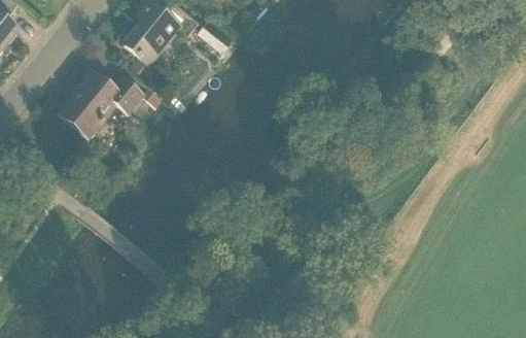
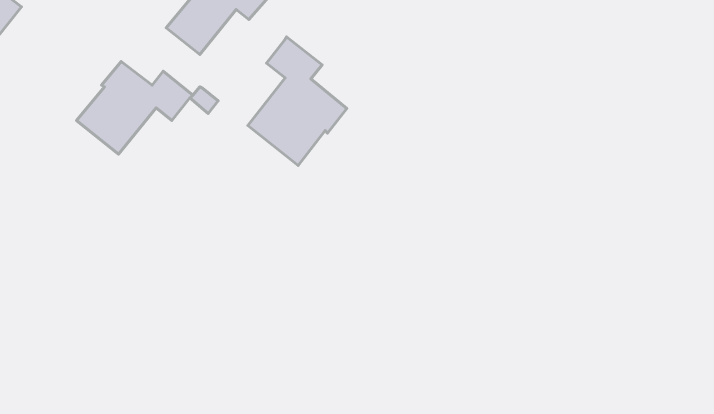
building: none -> [248,37,347,166]

